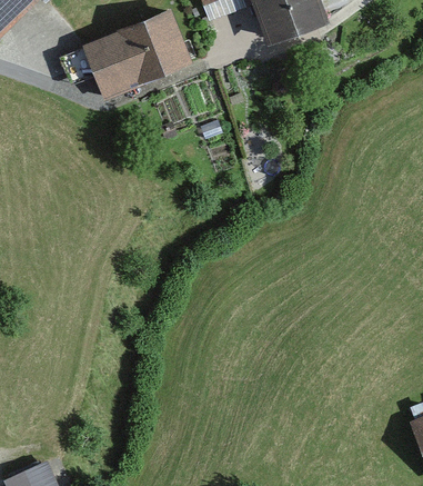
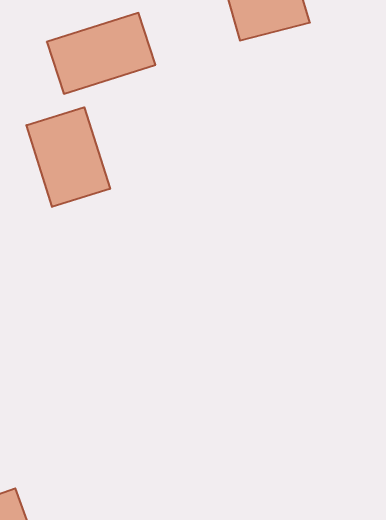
building: none -> [26,107,110,207]

